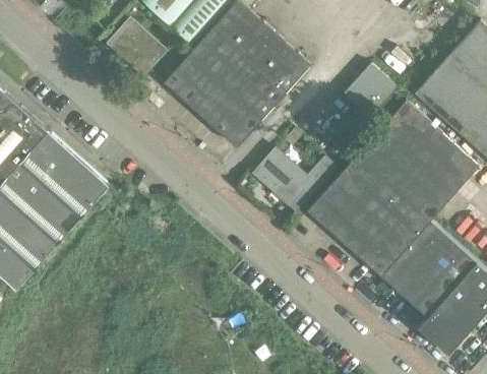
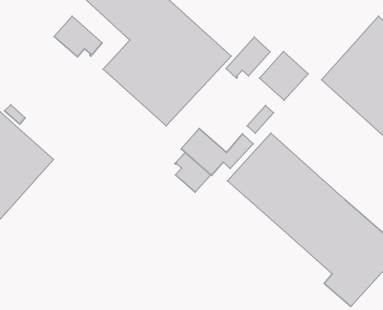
building: none -> [226,37,270,78]
building: [357,100,479,220] -> none
building: none -> [175,152,211,192]

